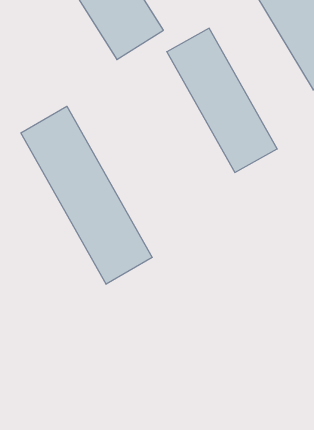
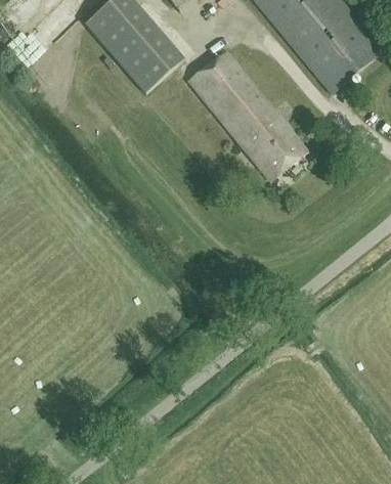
building: [21,106,152,284] -> none

